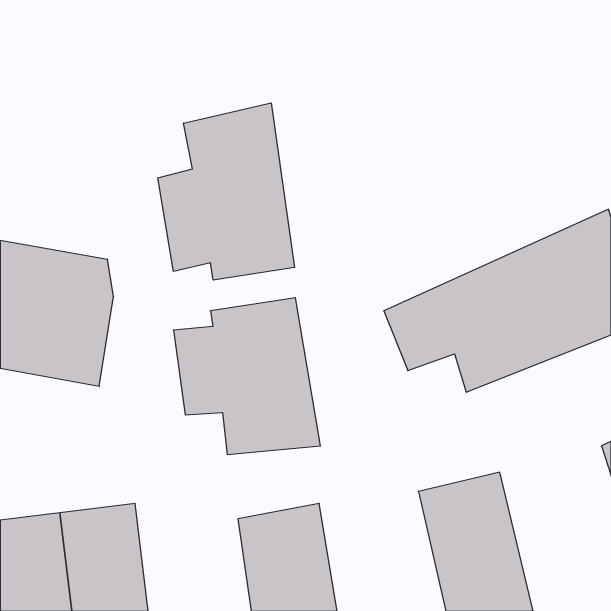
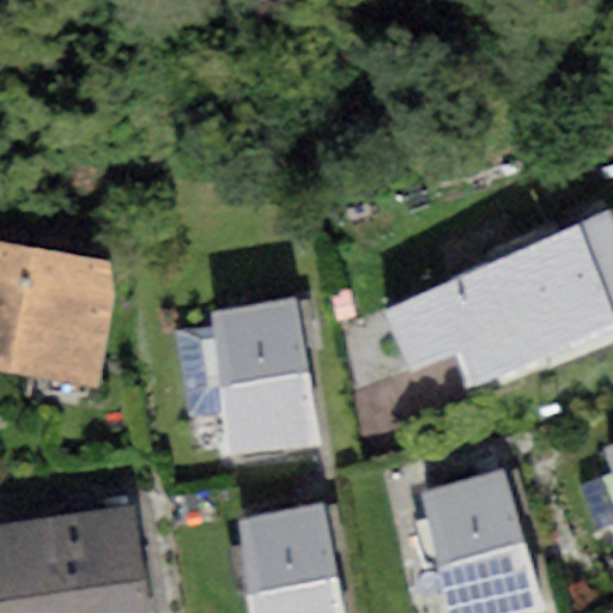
building: [158,103,295,280] -> none

